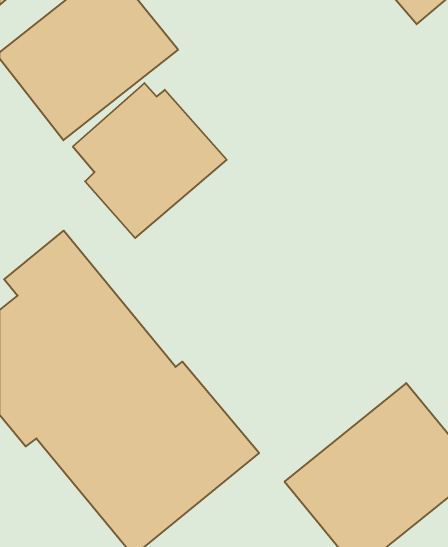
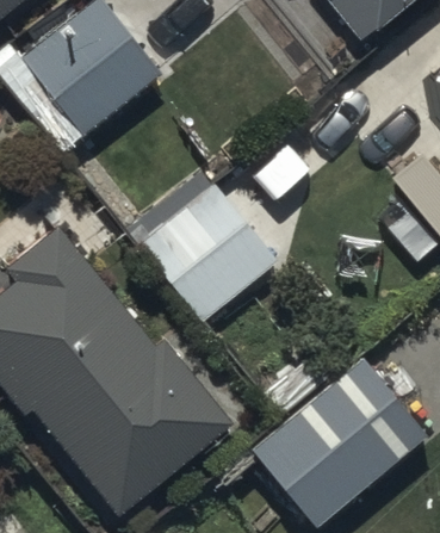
building: [73,83,227,238] -> [144,190,280,327]

